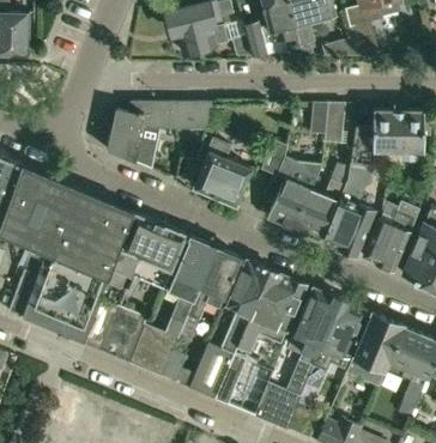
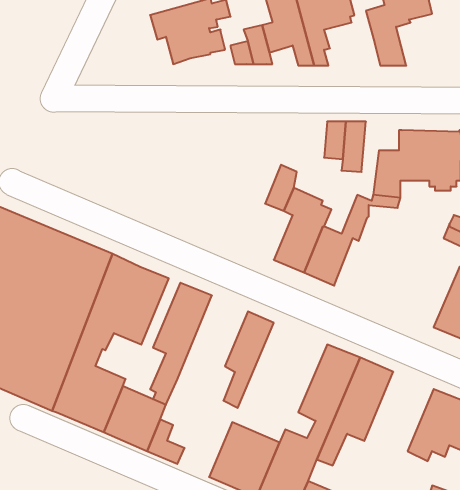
building: [107,102,214,166] -> none
building: [193,139,252,205] -> none
building: [322,172,375,255] -> none
building: [362,204,418,271] -> none
building: [178,248,241,344] -> none
building: [236,271,305,352] -> none
building: [346,312,401,381] -> none
building: [188,342,234,399] -> none

